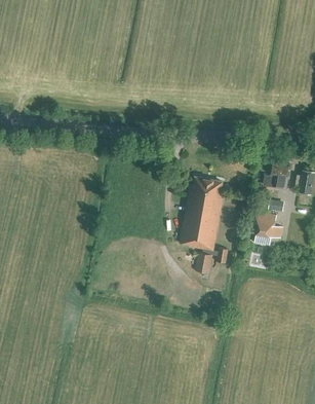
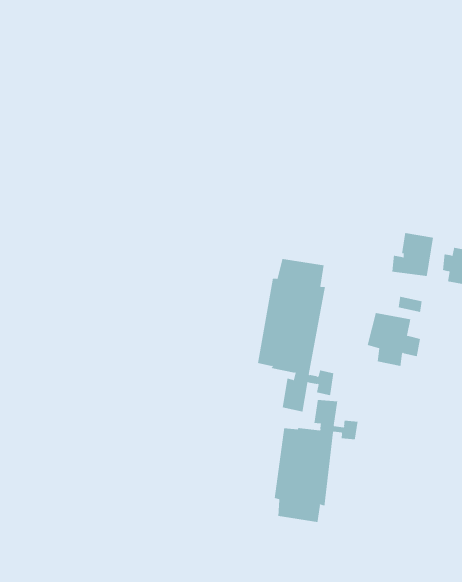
building: none -> [274,399,358,523]

